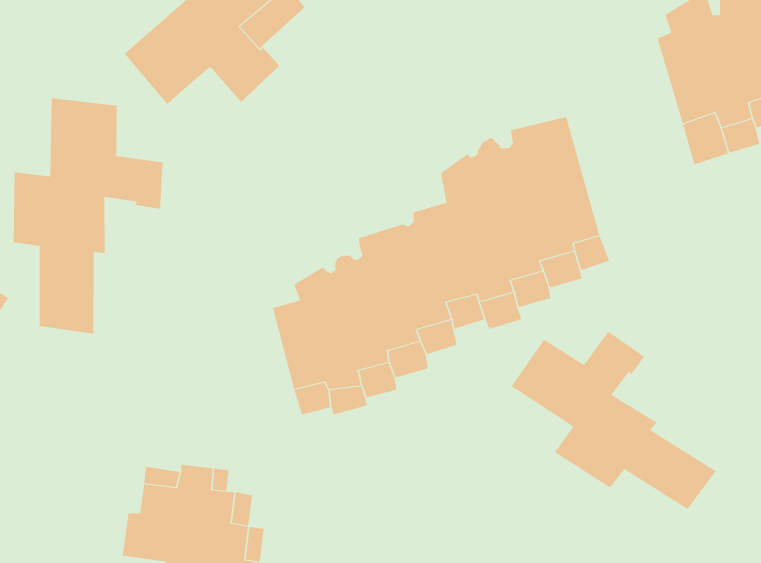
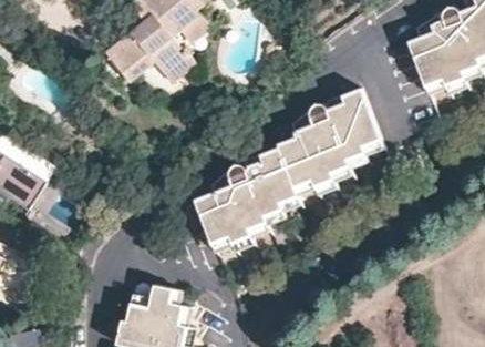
building: [13,97,163,335] -> none
building: [511,331,716,510] -> none

